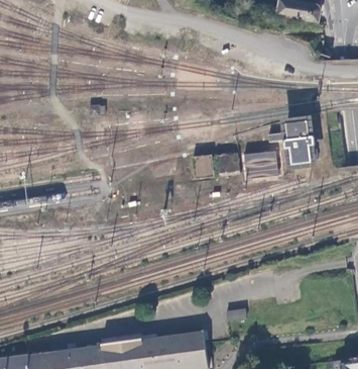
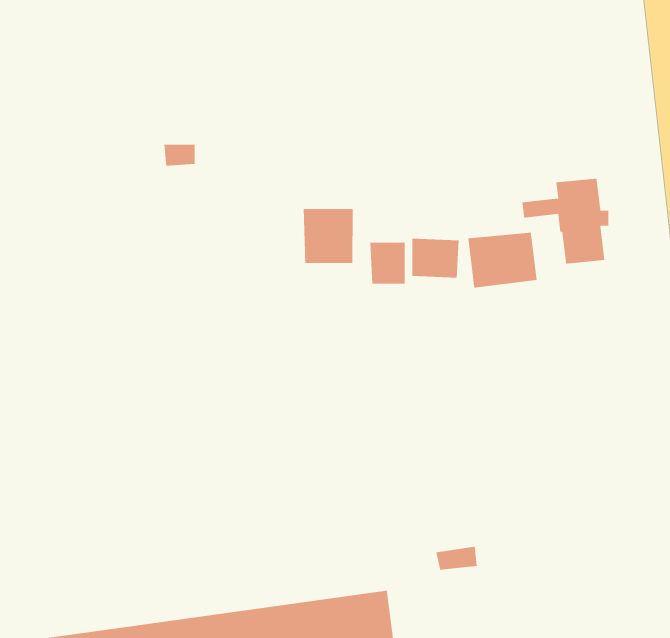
building: none -> [303,208,353,264]

